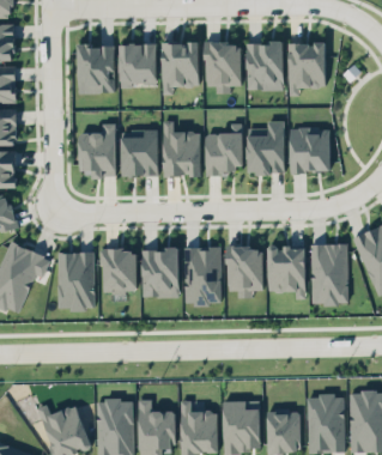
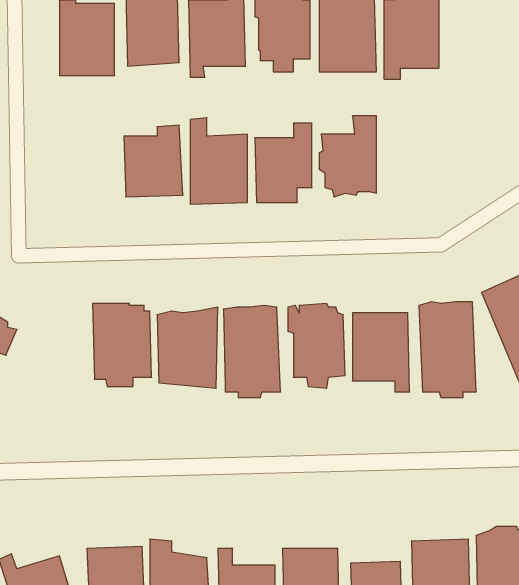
building: [79,125,117,178] -> none
building: [291,126,332,174] -> none
building: [57,254,95,311] -> none

